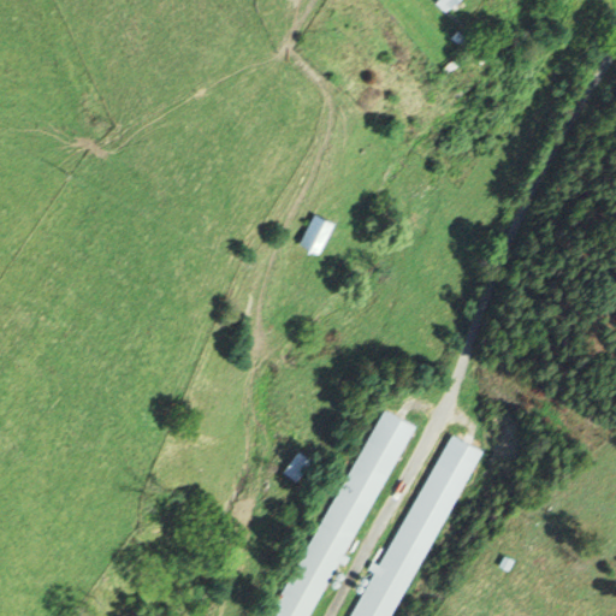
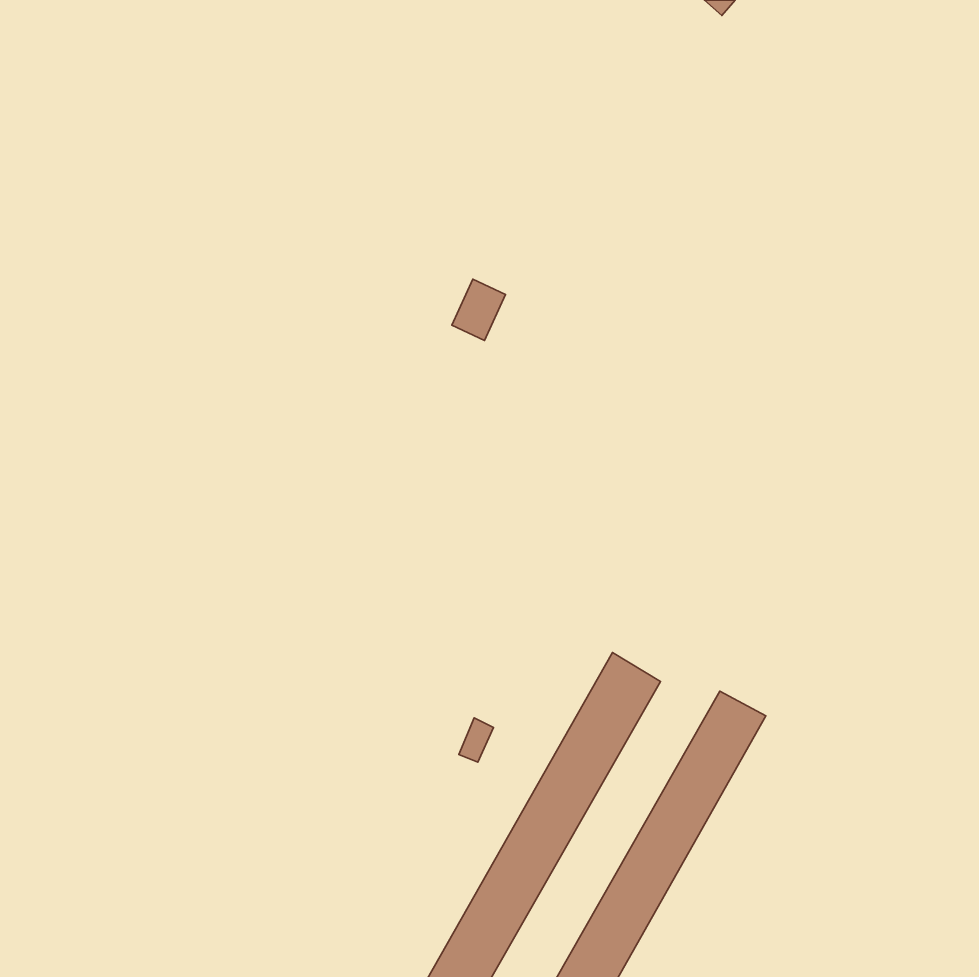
building: [301,215,334,254] -> [452,279,506,341]

